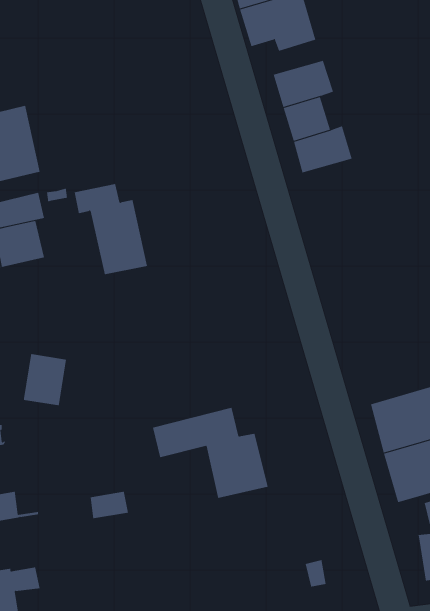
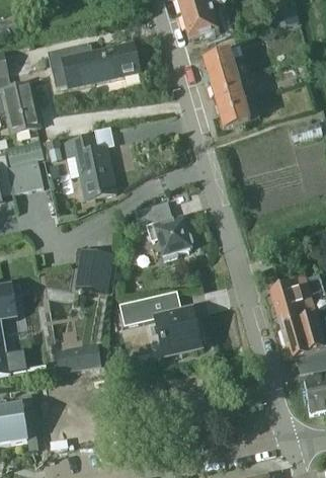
building: none -> [47,42,139,87]
building: none -> [135,202,191,259]
building: [23,354,67,406] -> [82,248,112,285]

